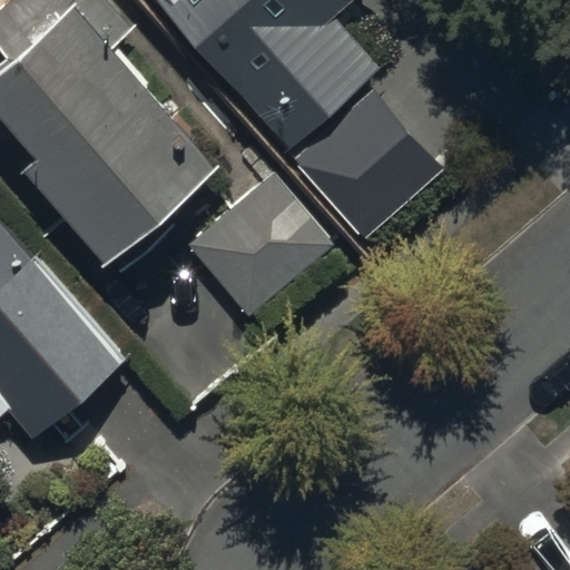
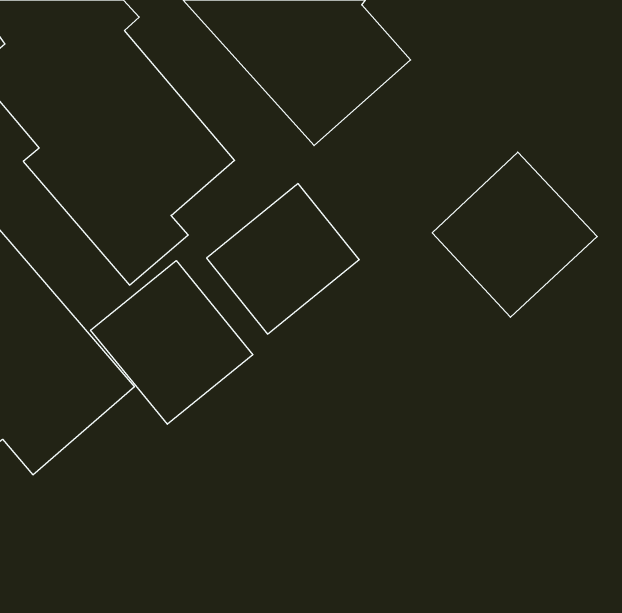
building: [292,87,442,237] -> [432,152,597,317]
building: none -> [91,261,253,424]

